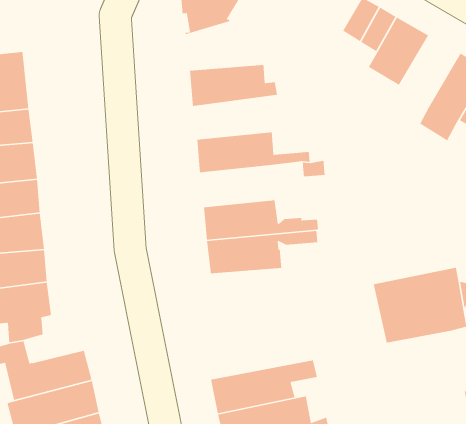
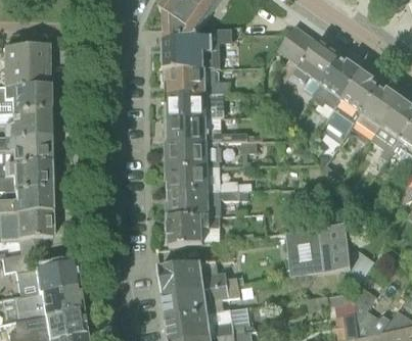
building: none -> [165,28,242,67]
building: none -> [312,56,362,108]
building: none -> [166,91,225,117]
building: none -> [167,141,220,166]
building: none -> [169,215,221,246]
building: none -> [158,259,244,291]

